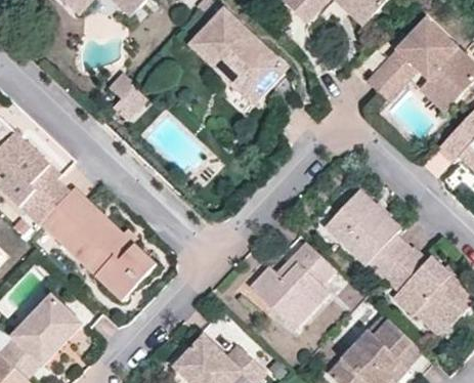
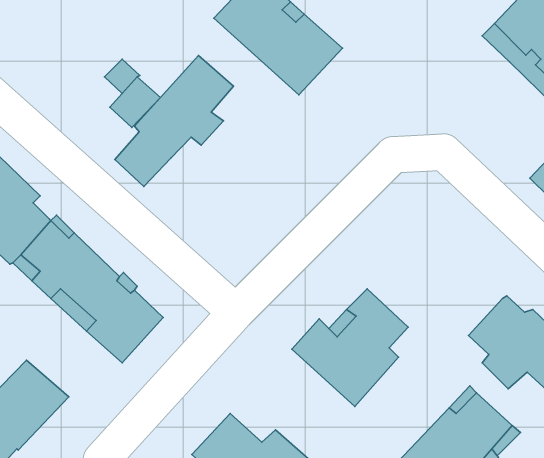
building: [370,53,412,95] -> none
building: none -> [115,55,234,187]
building: [325,192,406,278] -> none

